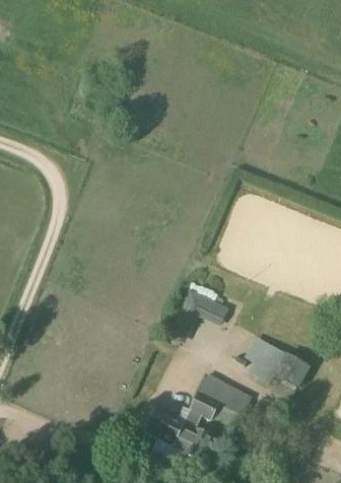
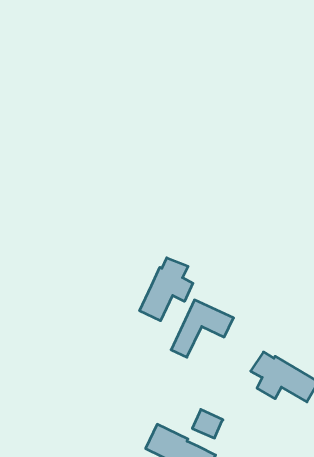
building: none -> [140,258,193,321]
building: [197,373,245,412] -> none

